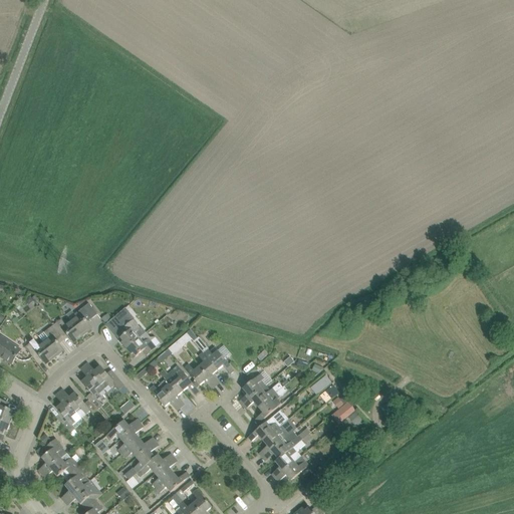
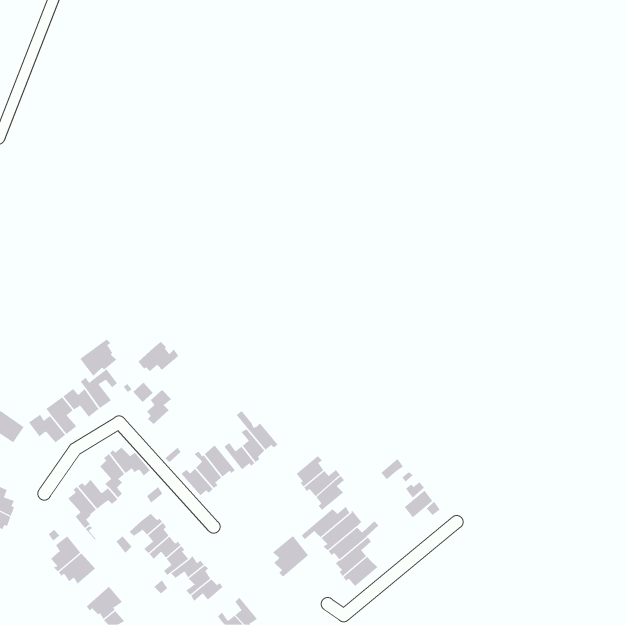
building: none -> [79,338,117,376]
building: [125,330,160,355] -> [137,341,179,372]
building: none -> [272,535,309,578]
building: [63,465,89,496] -> none

